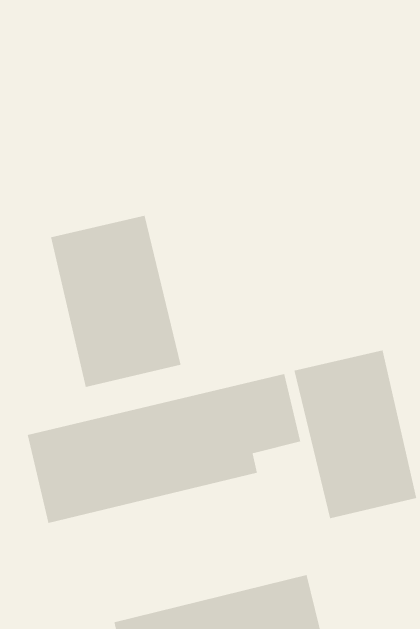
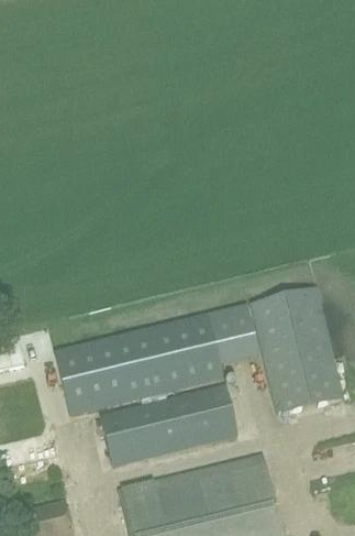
building: [50,215,182,388] -> none
building: none -> [101,385,237,463]

